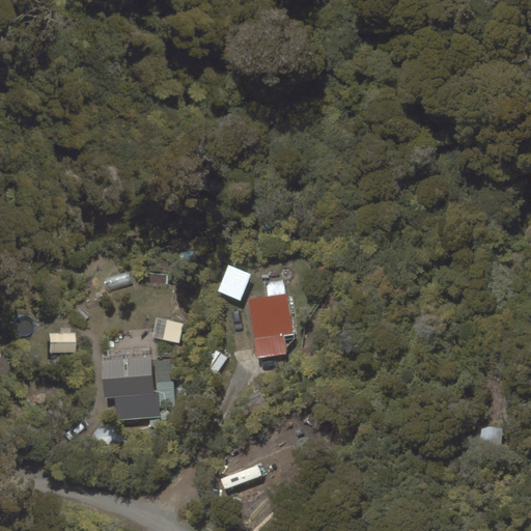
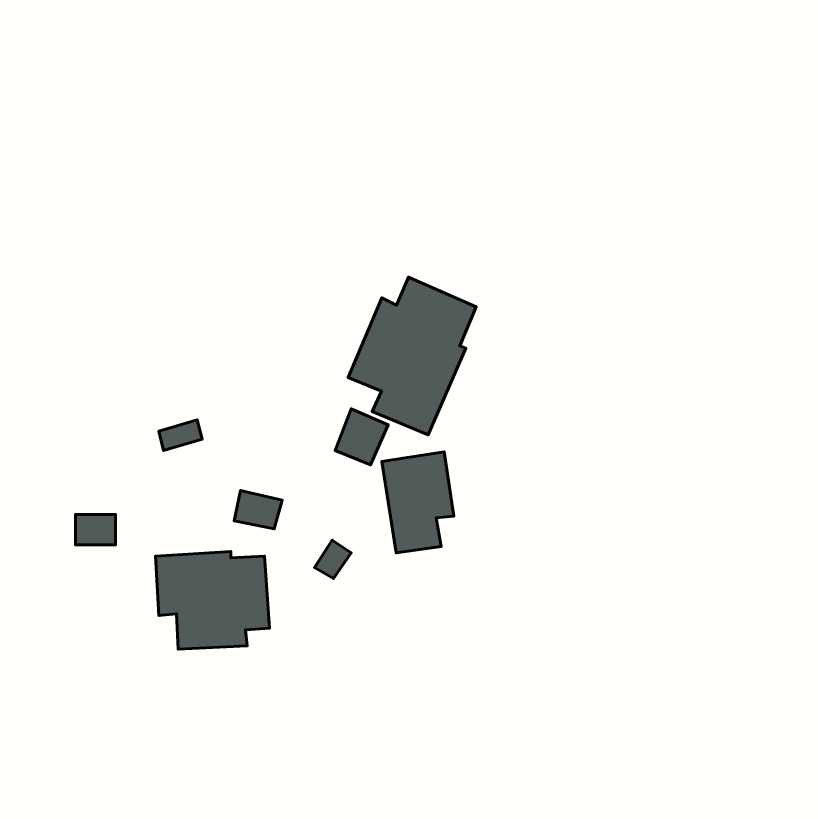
building: none -> [348,277,476,435]

